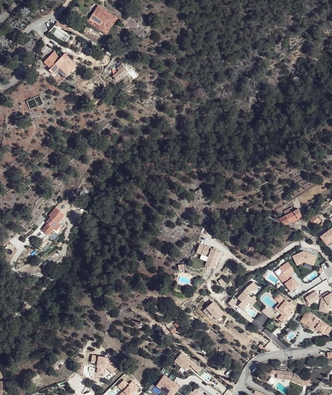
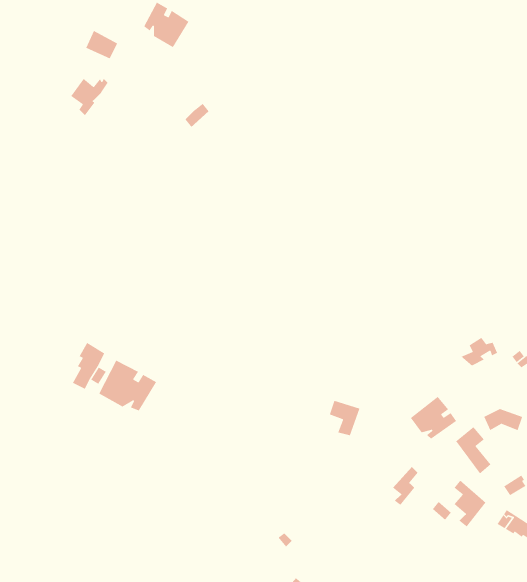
building: none -> [98,360,157,412]
building: none -> [410,396,457,440]

